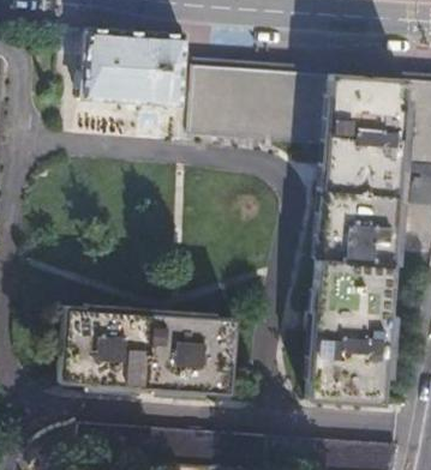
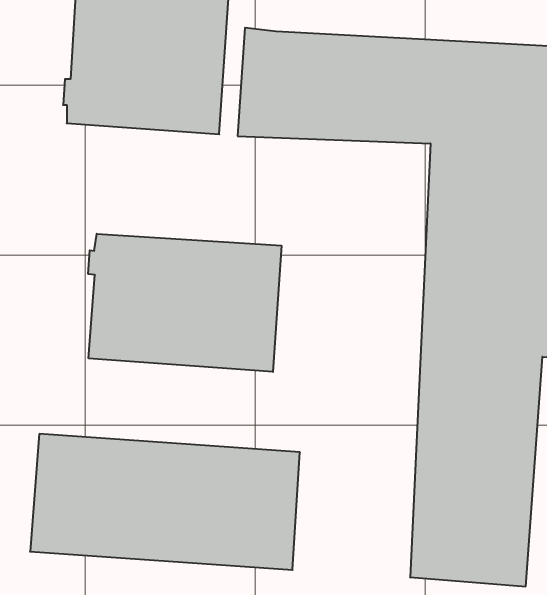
building: none -> [88,234,281,372]

